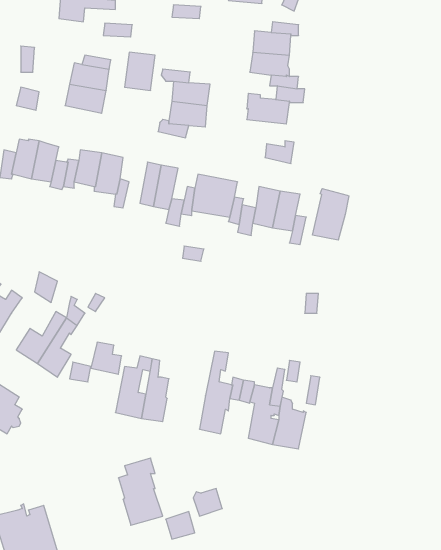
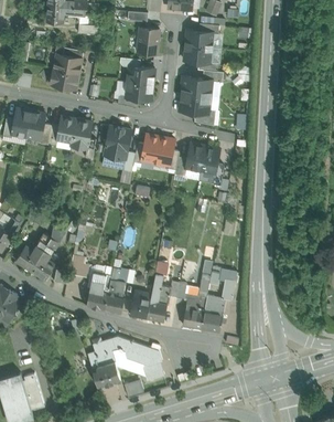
building: [125,52,155,90] -> [137,27,159,54]
building: none -> [177,94,209,114]
building: [313,189,349,240] -> none
building: none -> [129,291,151,318]
building: none -> [111,337,161,365]

